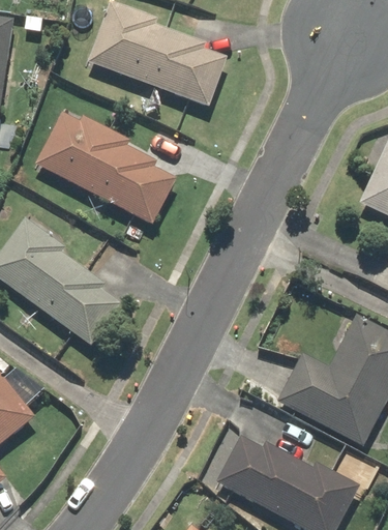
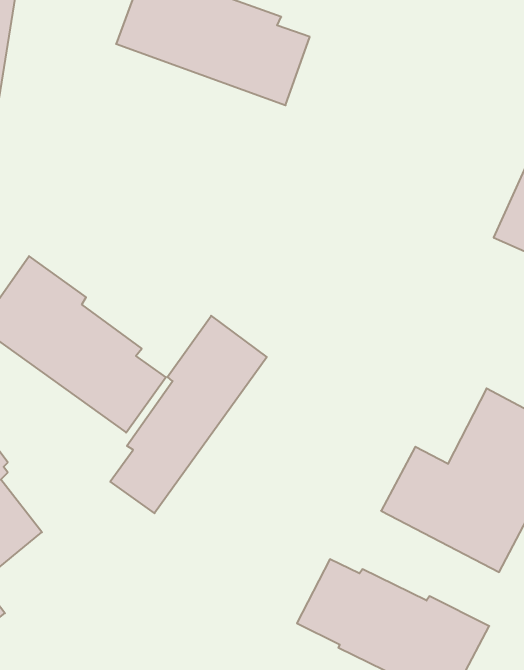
building: [35,111,181,224] -> none
building: none -> [110,316,267,513]

